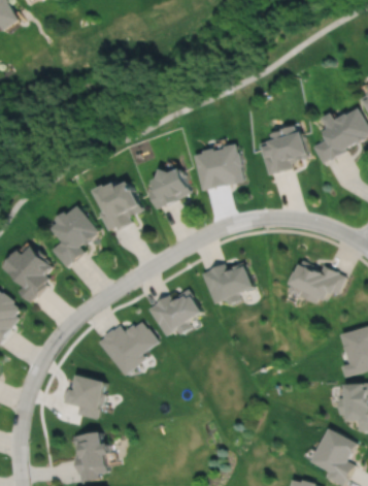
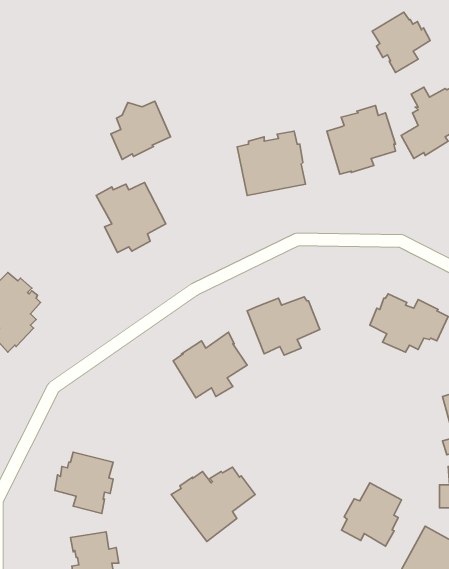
building: none -> [372,12,430,73]
building: [147,166,191,208] -> [111,101,171,159]
building: [47,204,98,266] -> none
building: [97,322,158,376] -> [171,467,255,541]
building: none -> [341,483,401,546]

